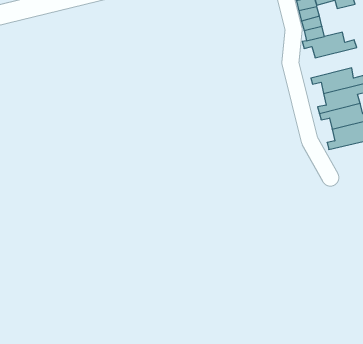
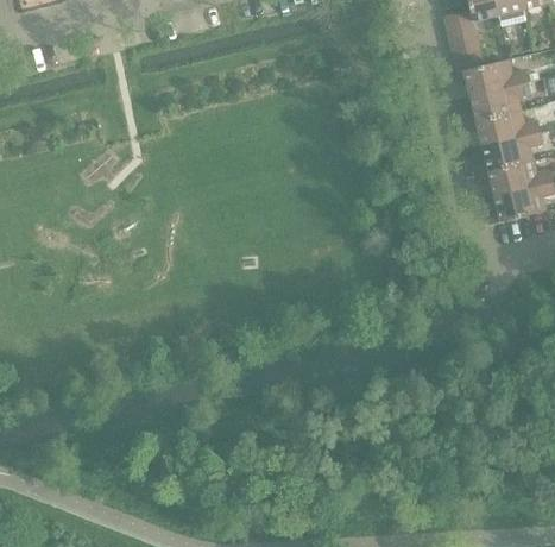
building: none -> [463,80,532,122]

